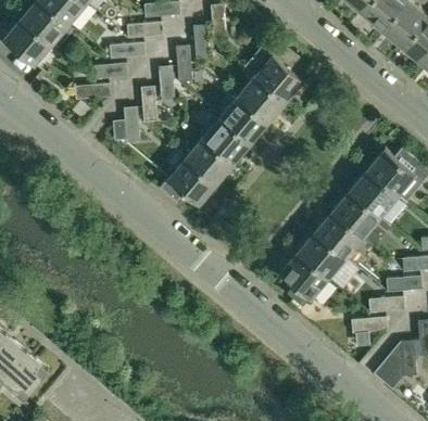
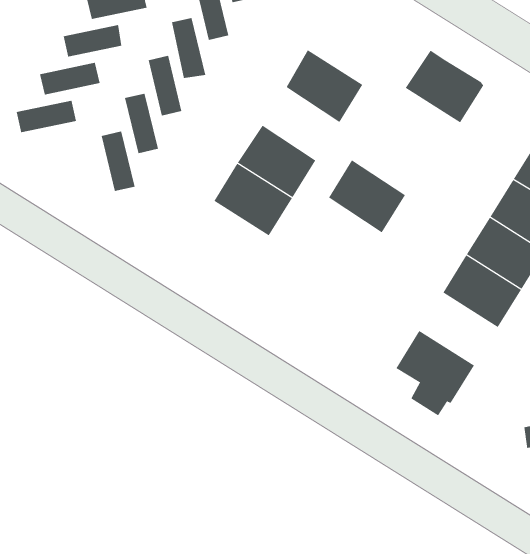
building: [255,54,303,101] -> [405,50,484,123]
building: [222,95,268,142] -> [328,160,406,233]
building: [163,157,216,205] -> none
building: [298,232,345,279] -> none

